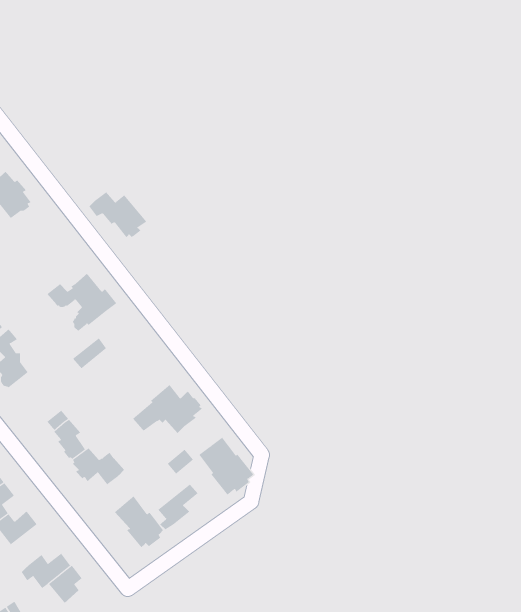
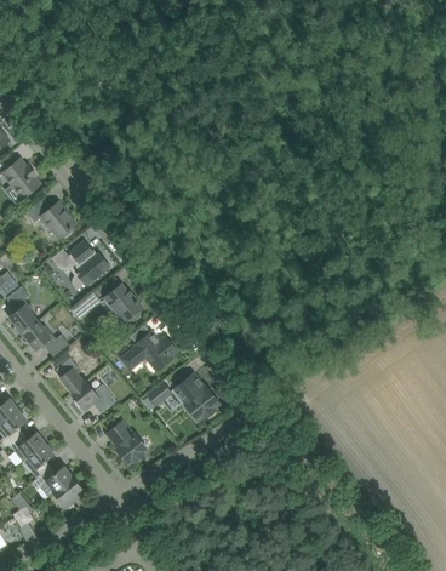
building: [88,191,147,238] -> [29,200,76,238]
building: none -> [105,284,143,324]
building: none -> [21,321,68,355]
building: [158,483,199,530] -> none
building: none -> [23,444,55,478]

